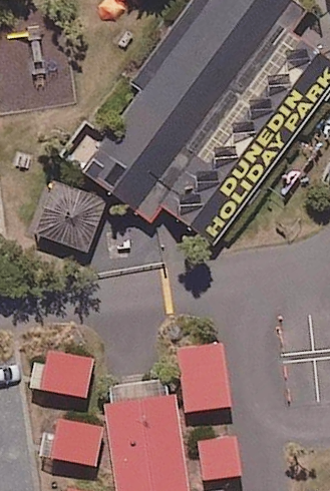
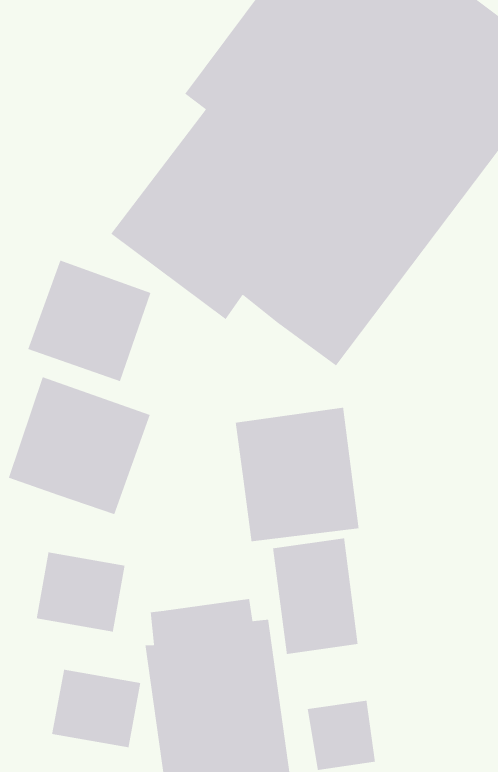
building: none -> [8,376,151,515]
building: none -> [235,407,360,542]

